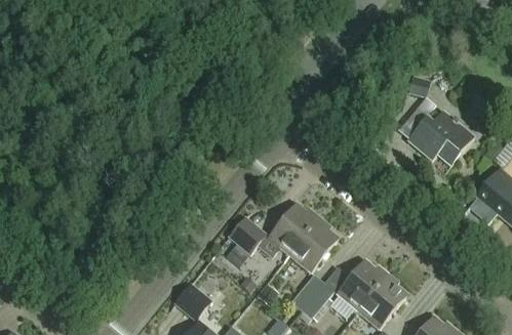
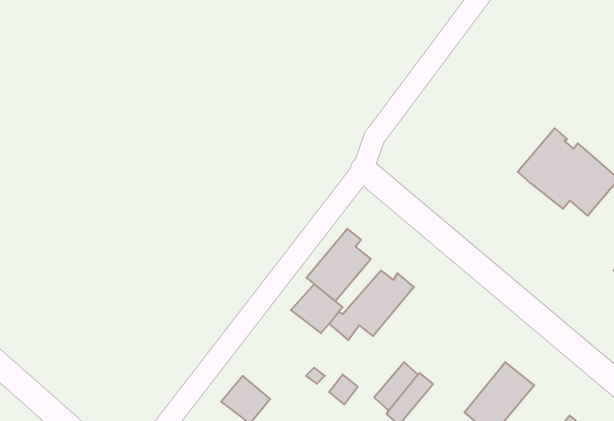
building: [288,218,337,273] -> [306,229,371,301]
building: [337,257,388,312] -> none

